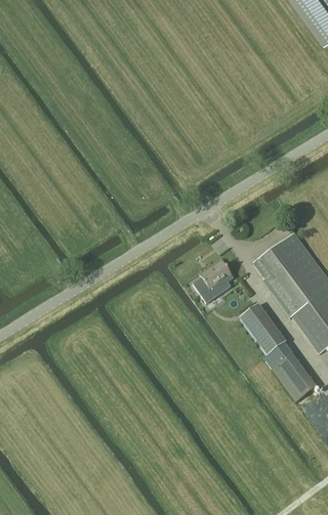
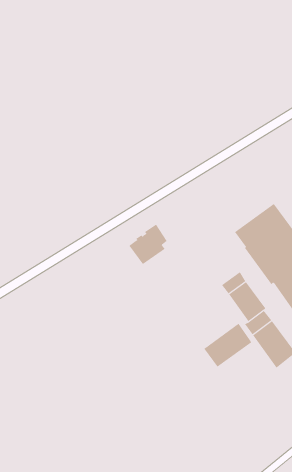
building: [193,260,233,302] -> [129,224,168,265]
building: none -> [204,323,252,367]

